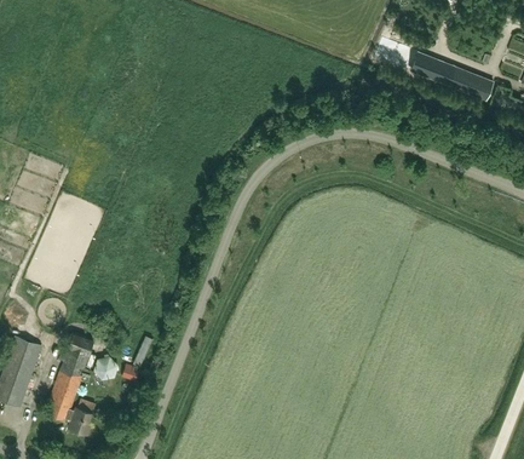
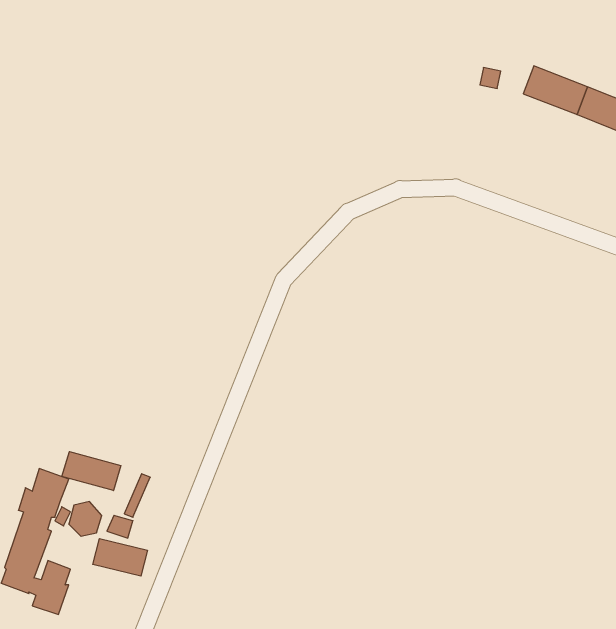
building: none -> [62,452,121,491]
building: none -> [93,539,147,576]

